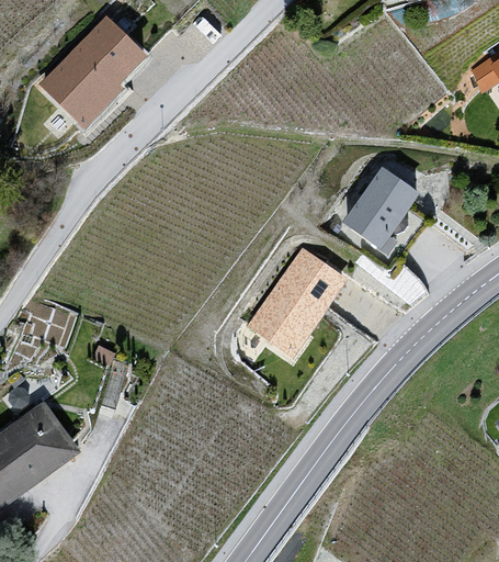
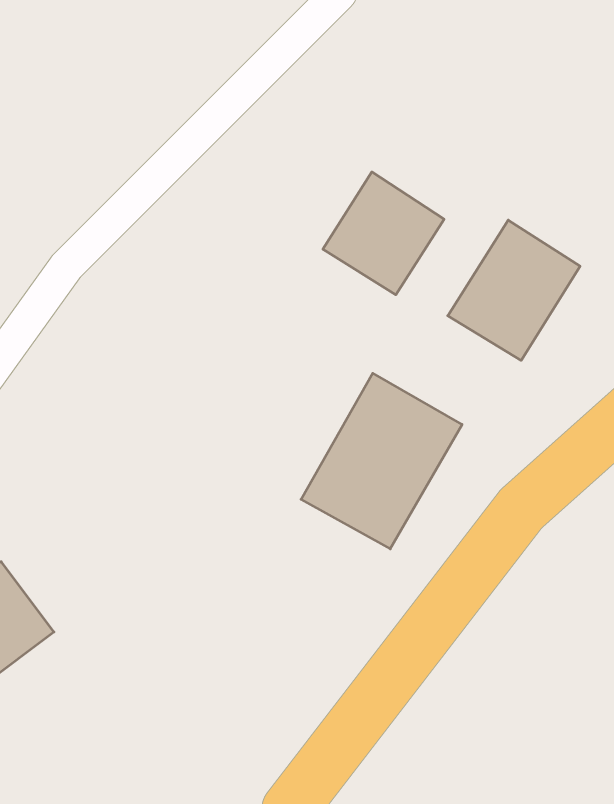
building: [54,11,162,124] -> none
building: none -> [323,172,444,295]

